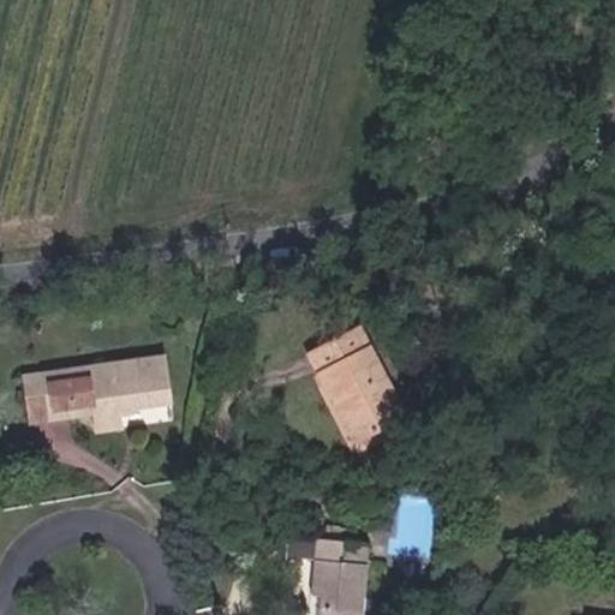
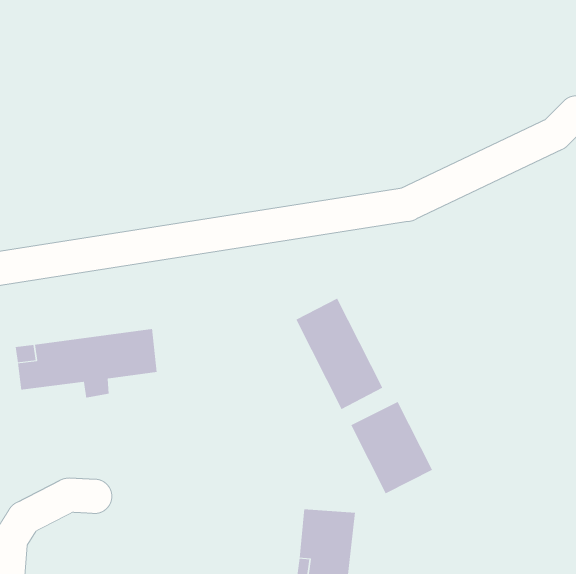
building: none -> [350,401,433,494]

